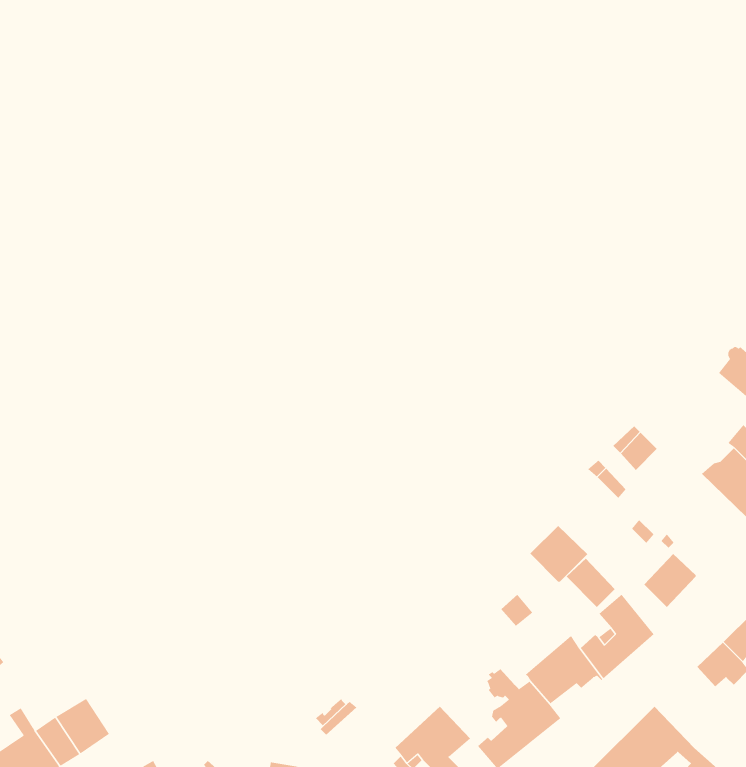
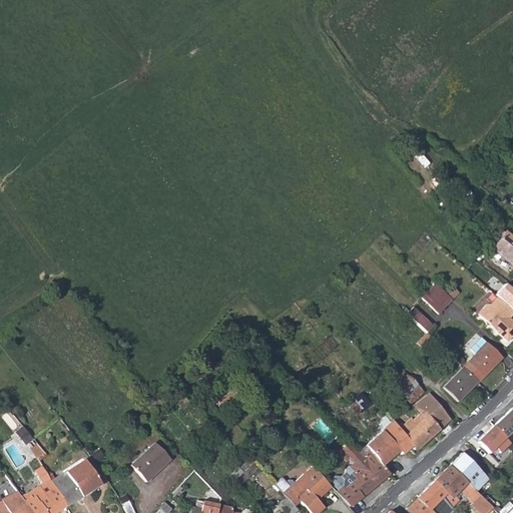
building: none -> [463,338,502,382]
building: [530,525,588,583] -> none
building: none -> [127,440,166,477]
building: none -> [451,454,490,493]

